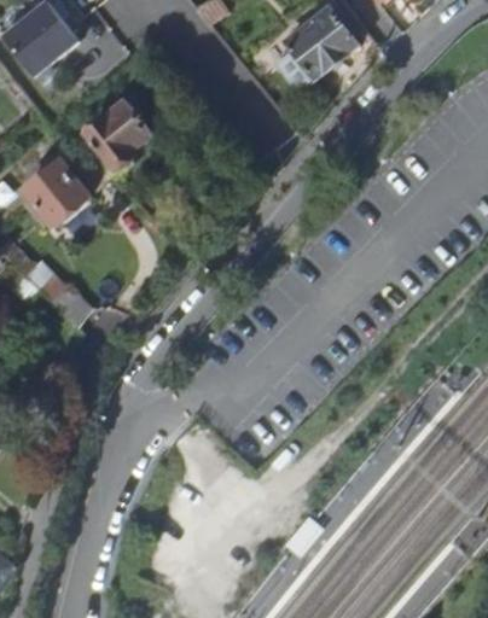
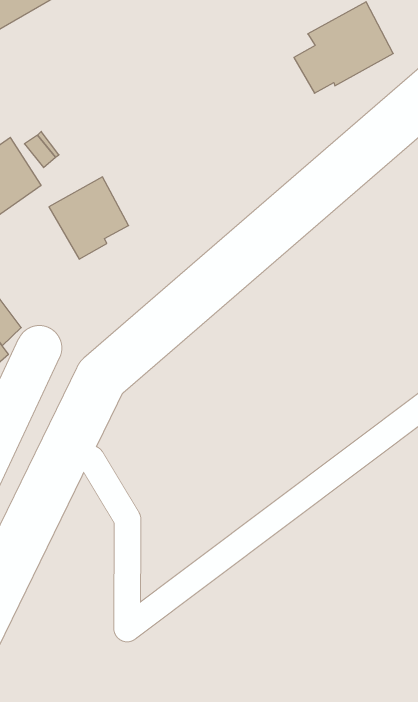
building: [85,97,151,165] -> [49,177,129,259]

